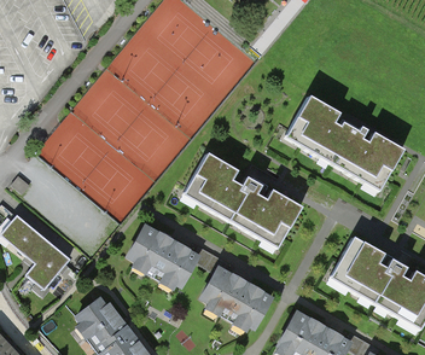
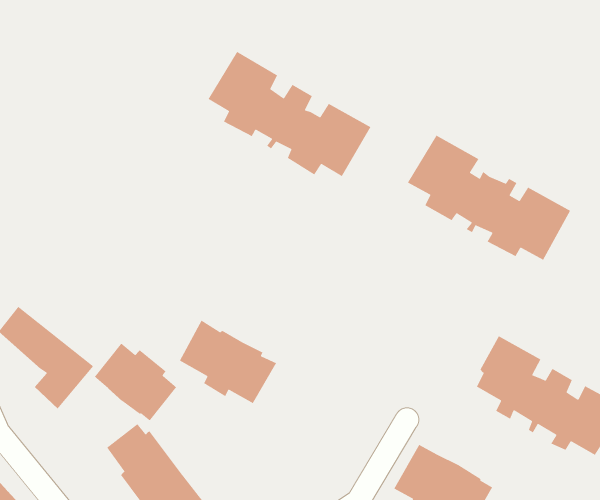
building: [186,153,301,241] -> [207,51,372,177]
building: none -> [94,343,177,421]
building: [200,268,269,327] -> none

